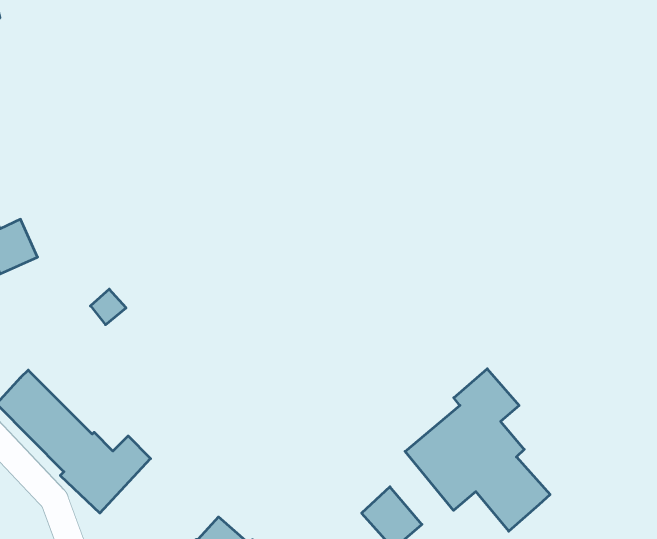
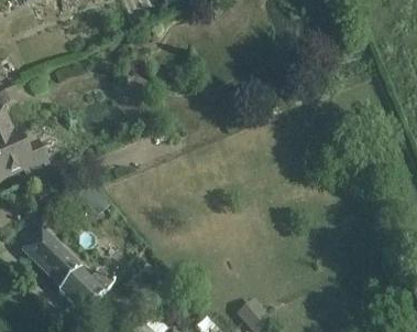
building: [405,369,550,531] -> none

